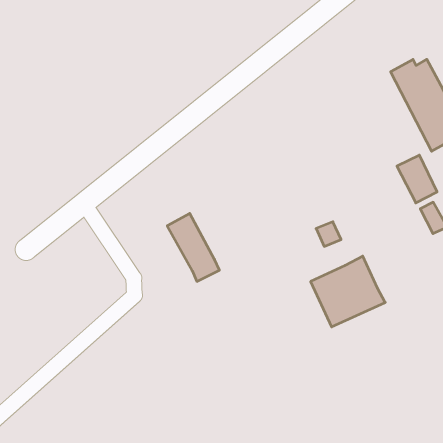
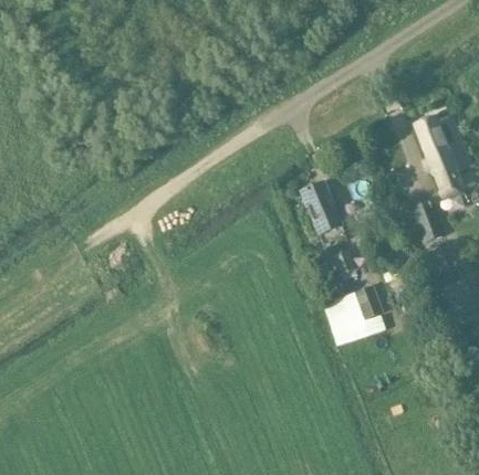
building: [167,213,219,281] -> [302,181,344,242]

